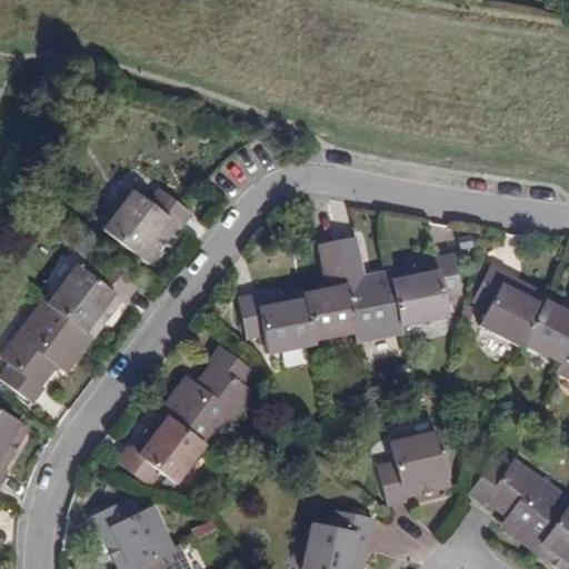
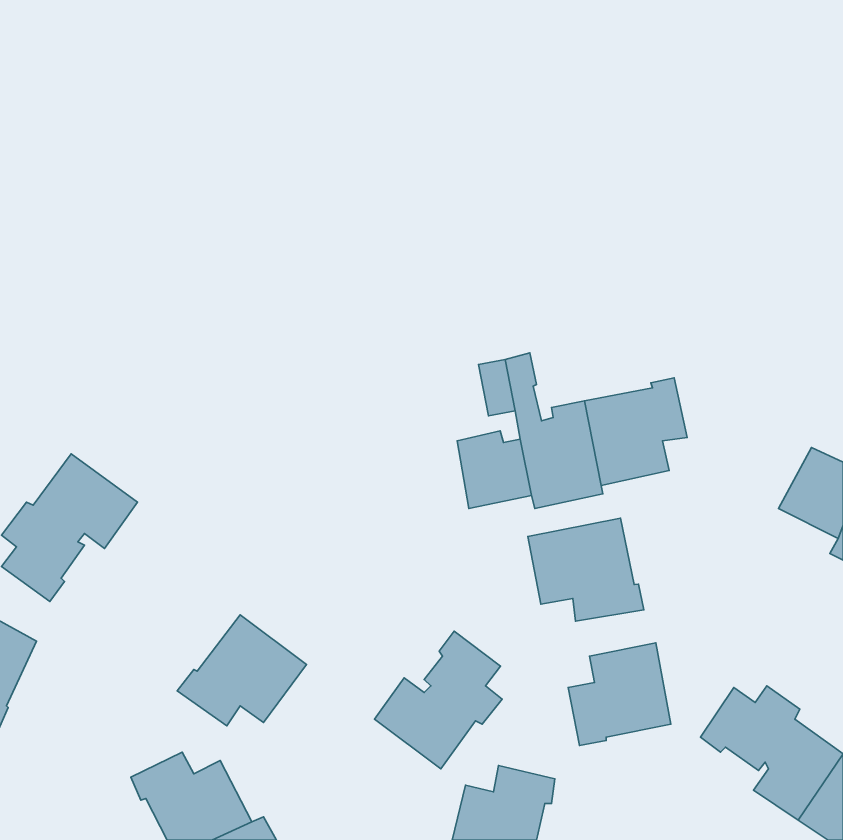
building: [103,190,189,262] -> none
building: [472,263,547,345] -> none
building: [48,266,132,337] -> none
building: [242,289,316,353] -> none
building: none -> [528,518,644,621]
building: [161,353,247,446] -> [375,631,502,769]

